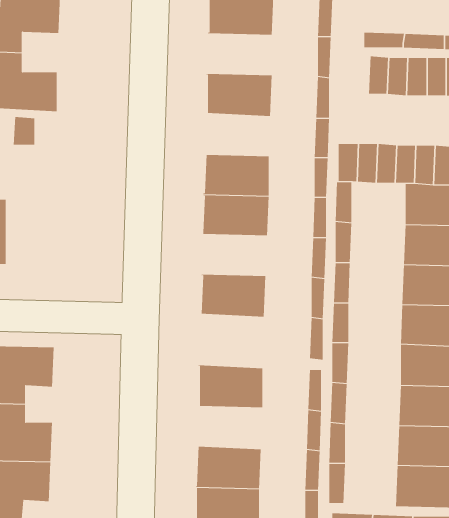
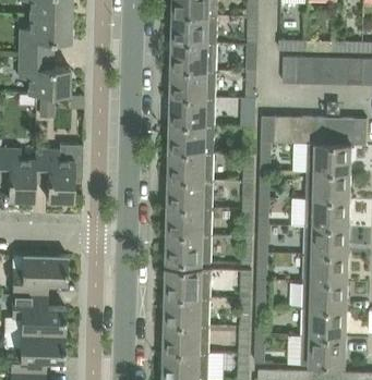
building: none -> [170,42,216,71]
building: none -> [169,97,215,126]
building: none -> [34,147,82,201]
building: none -> [167,180,213,208]
building: none -> [165,234,211,263]
building: none -> [165,297,209,327]

